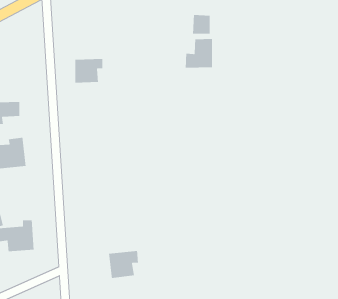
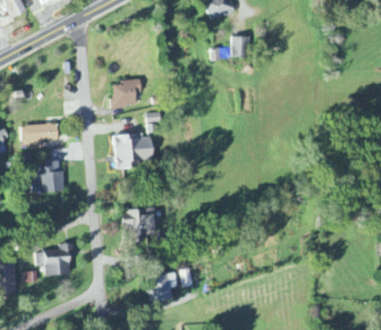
building: [185,38,213,68] -> none
building: none -> [114,134,153,168]
building: none -> [121,208,155,234]

